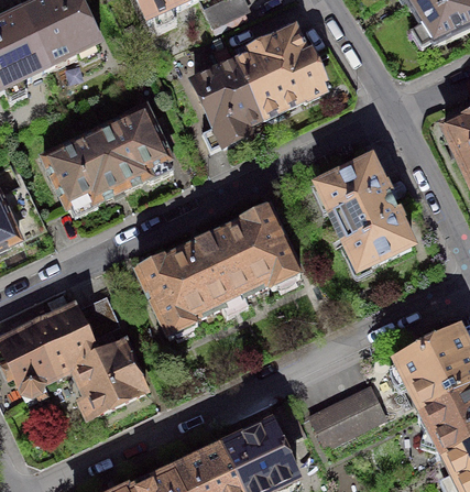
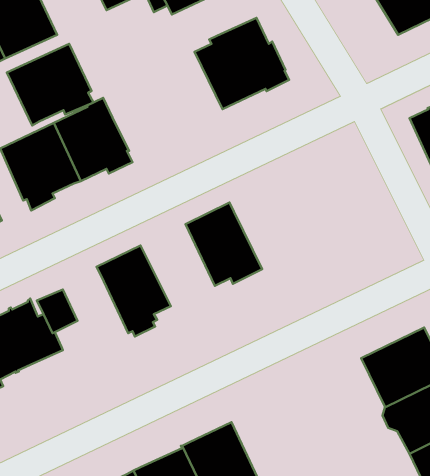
building: none -> [7,44,93,126]
building: [193,59,261,147] -> none
building: [317,158,412,269] -> none
building: [181,228,253,308] -> none
building: [73,338,145,415] -> none
building: [308,382,384,444] -> none

